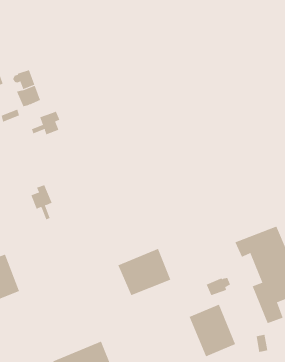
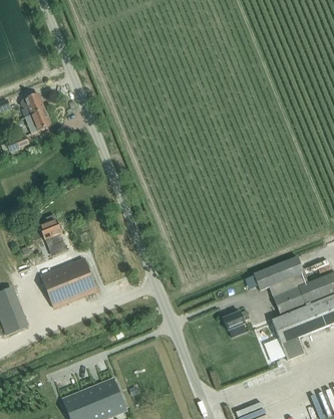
building: [31,111,60,135] -> none
building: [117,248,171,296] -> [40,257,96,307]
building: [189,304,236,357] -> none

